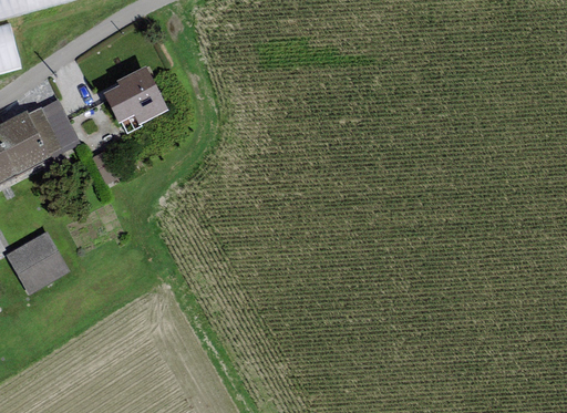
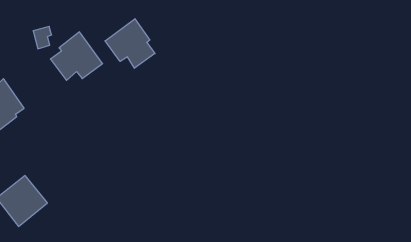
building: none -> [105,19,155,68]
building: [40,96,78,154] -> none

